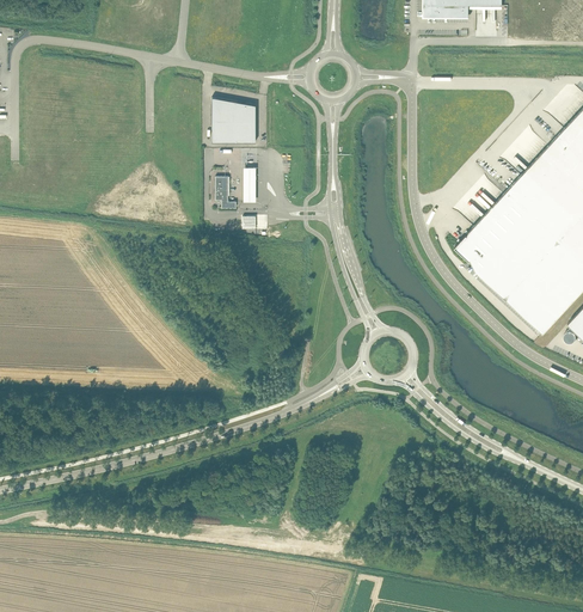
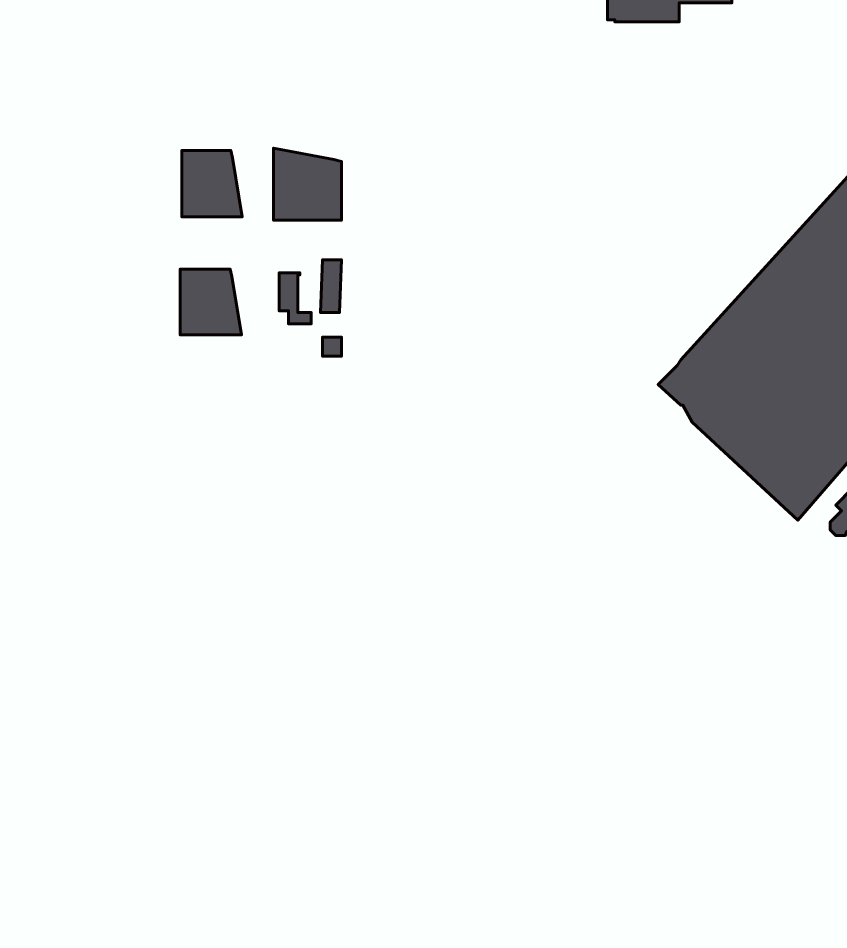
building: none -> [182,150,242,217]
building: none -> [180,269,242,335]

